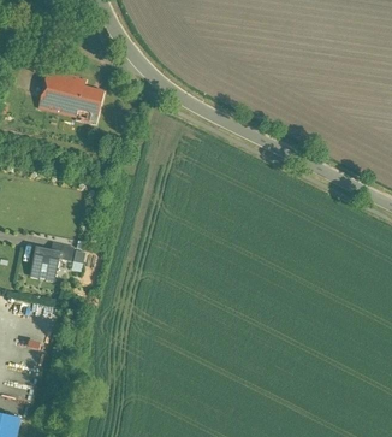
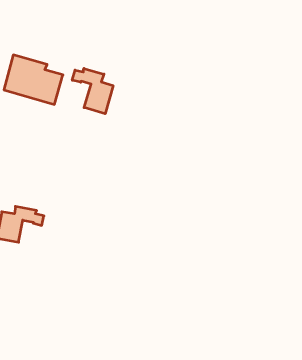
building: none -> [72,68,113,114]

